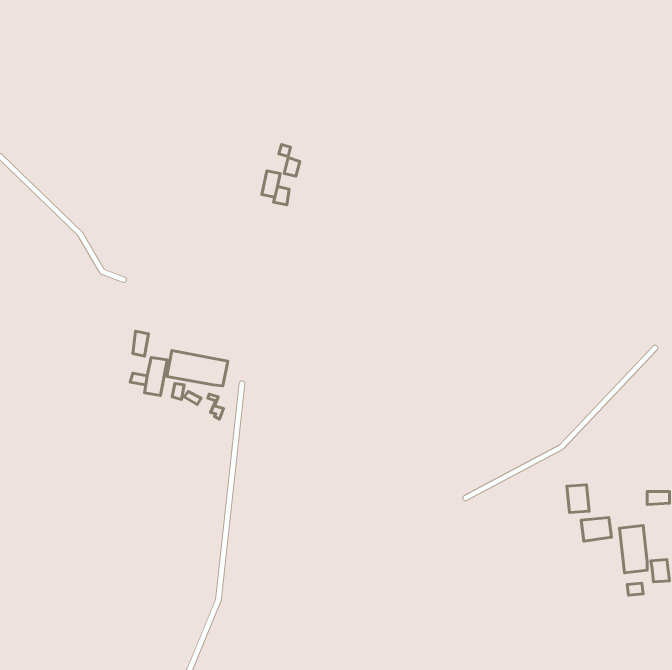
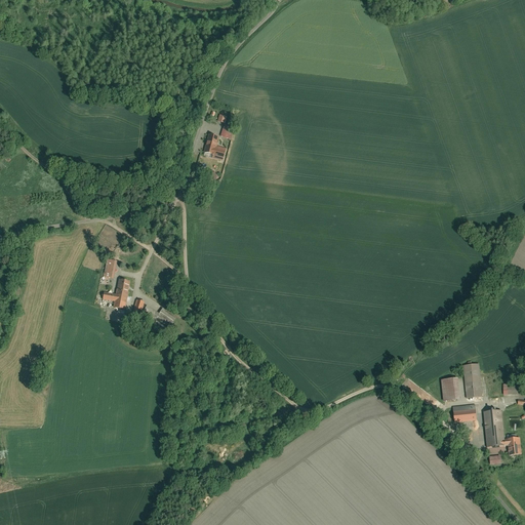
building: [167,350,228,386] -> none
building: none -> [463,363,482,397]

